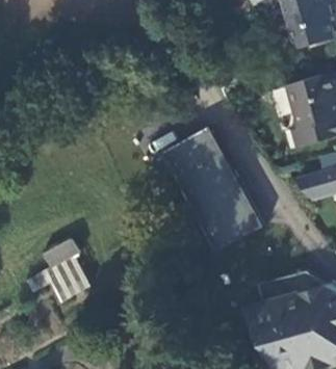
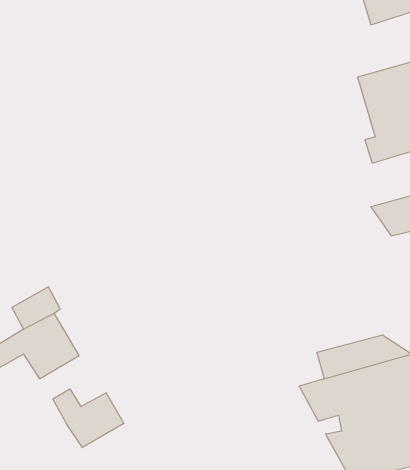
building: [161,126,262,251] -> none
building: none -> [53,389,124,448]

